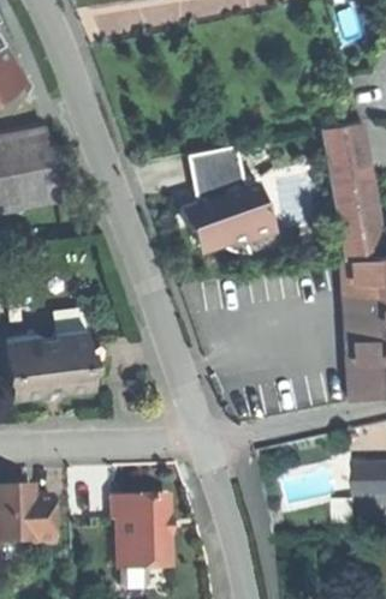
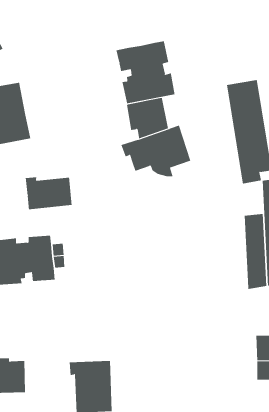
building: none -> [116,40,175,104]
building: none -> [25,177,72,210]
building: [343,256,372,303] -> none

